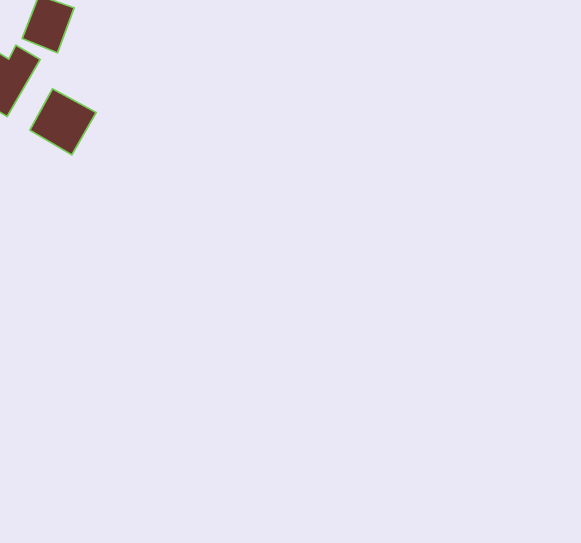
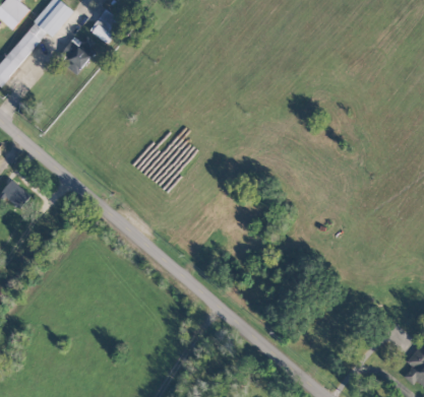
building: [30,89,96,155] -> none

